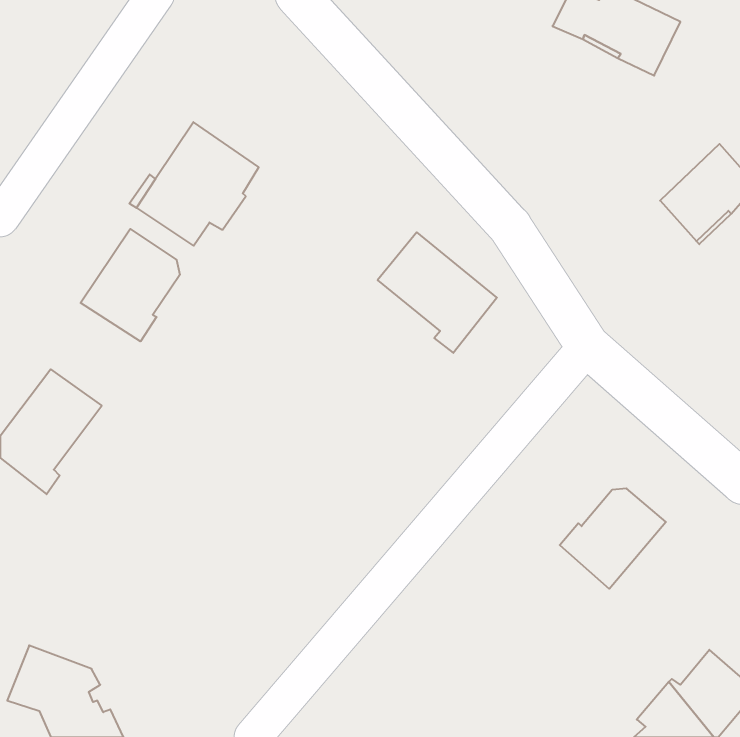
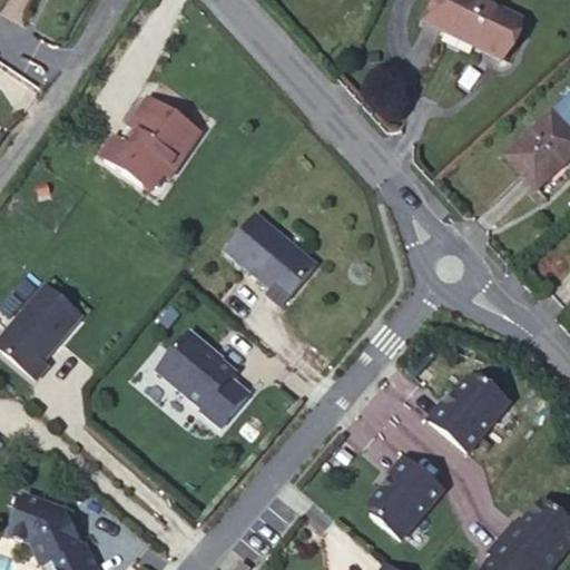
building: [81,229,180,341] -> none
building: [378,232,497,353] -> [225,213,316,305]
building: none -> [159,331,249,425]
building: none -> [370,455,444,540]

